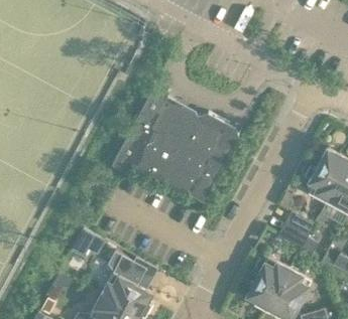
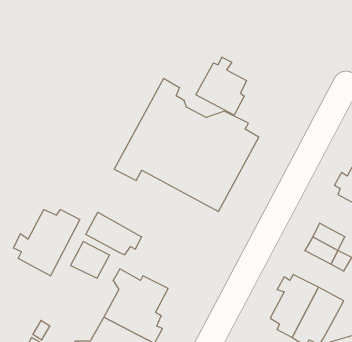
building: none -> [196,57,247,115]
building: none -> [13,209,80,276]
building: none -> [86,212,142,255]

